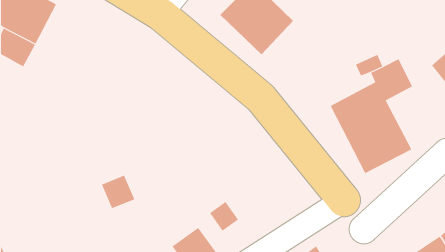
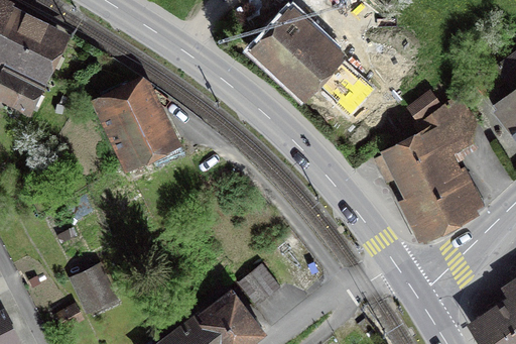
building: none -> [94,78,172,163]
building: [101,175,135,209] -> [70,266,109,306]

